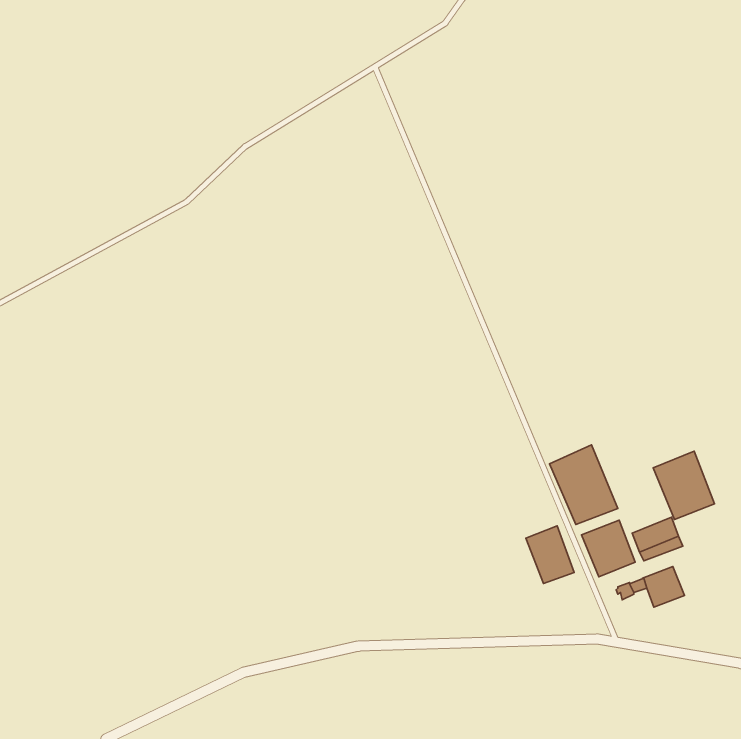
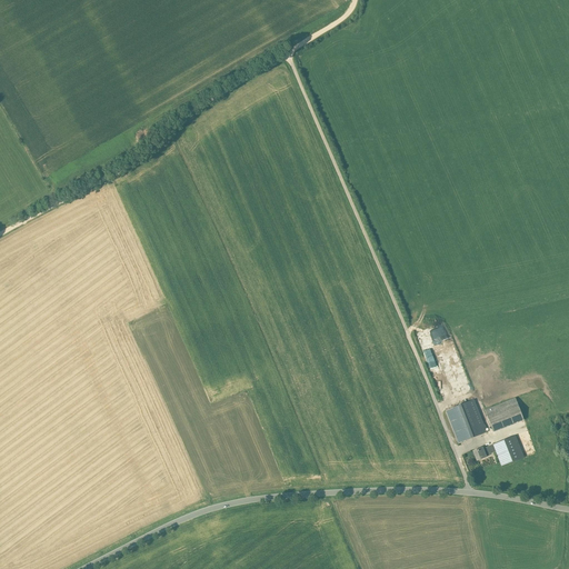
building: [653,451,714,520] -> none
building: [526,526,574,584] -> none

